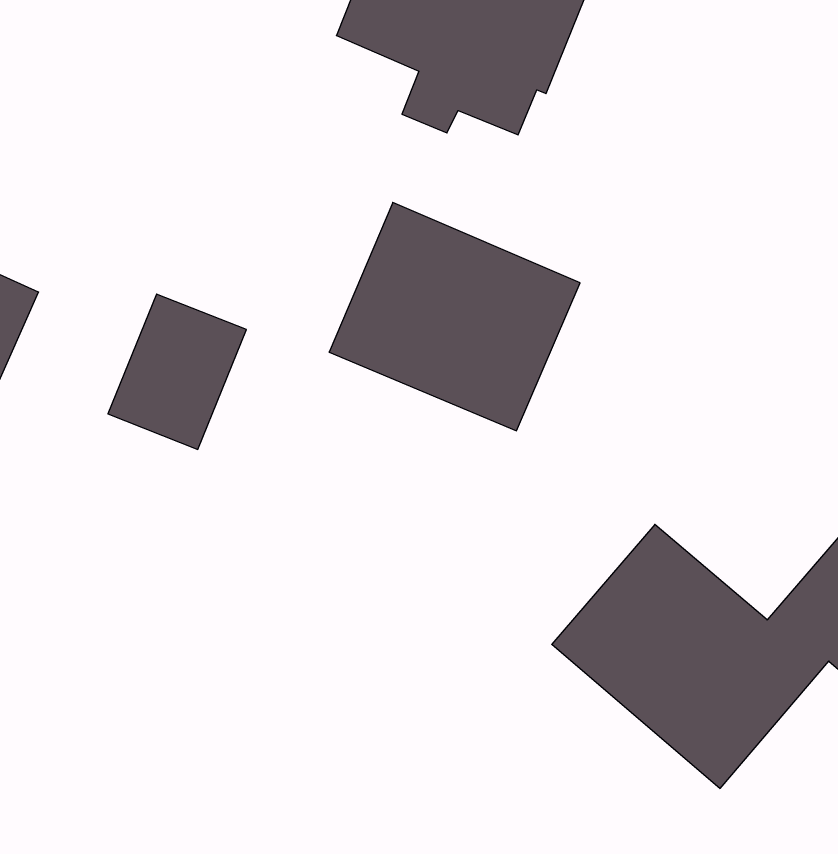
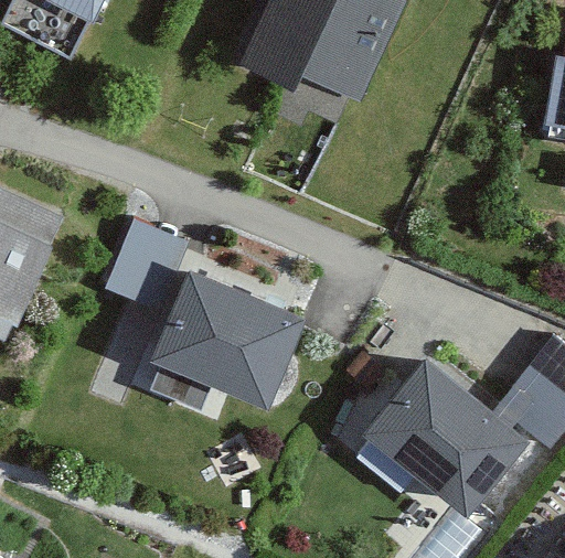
building: [329,202,580,431] -> [152,272,300,407]

